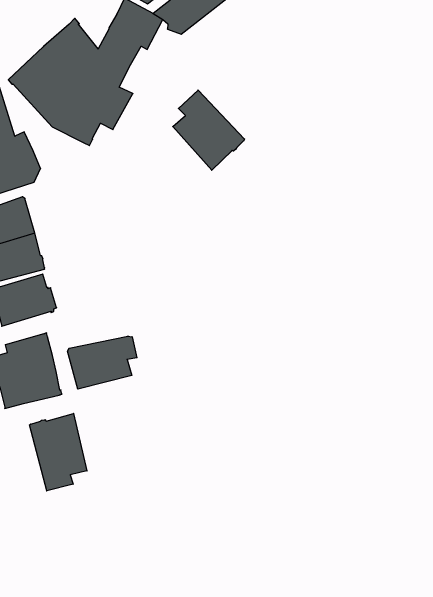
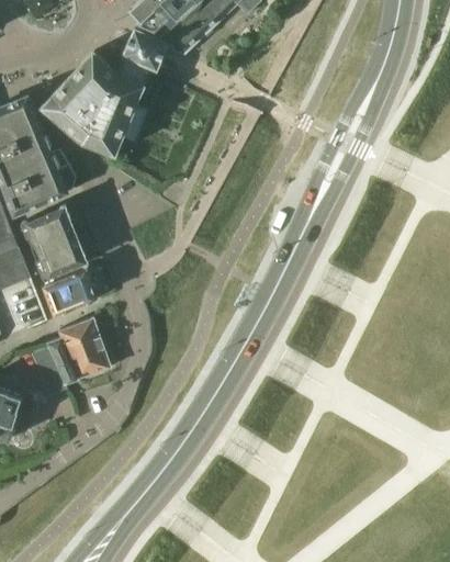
building: [173,90,245,170] -> none
building: [68,336,137,389] -> none
building: [29,413,87,491] -> none

